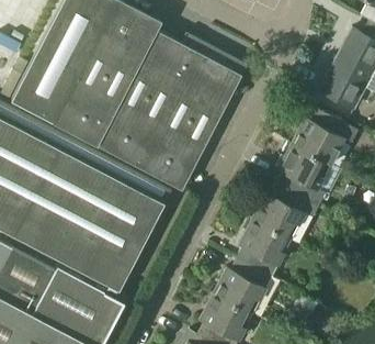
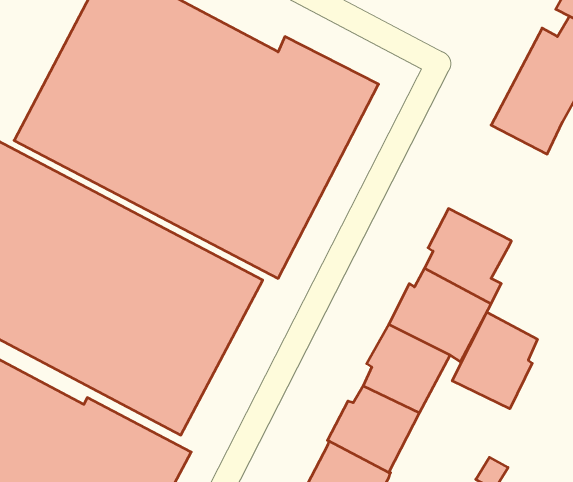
building: [291,108,357,165] -> none
building: none -> [452,312,537,409]

